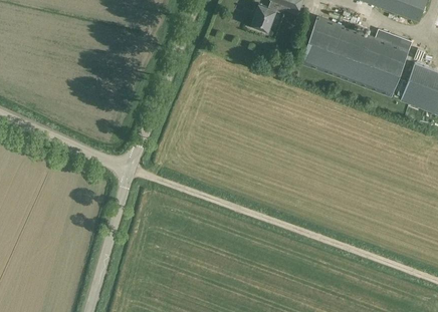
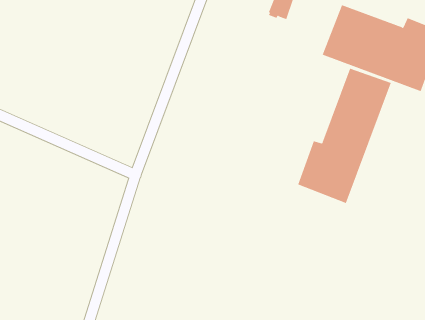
building: none -> [297,68,391,204]

